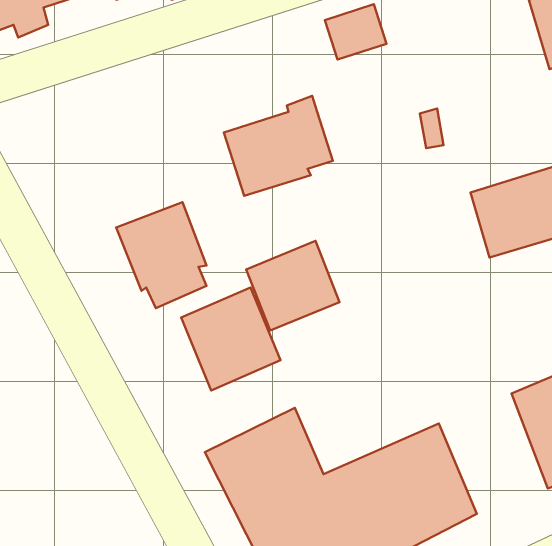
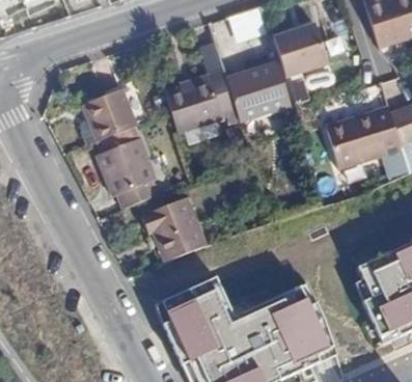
building: none -> [275,24,330,78]
building: none -> [227,60,292,120]
building: none -> [74,87,136,143]
building: [246,241,339,331] -> none

